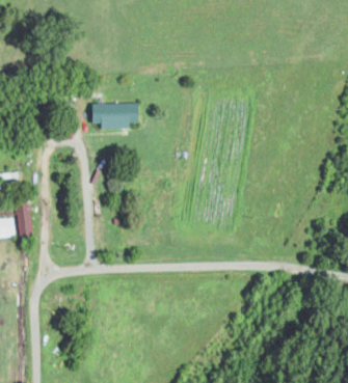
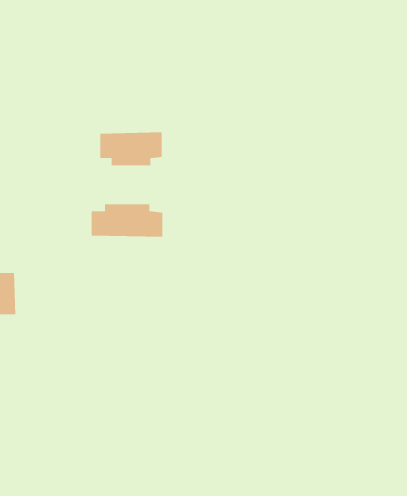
building: none -> [91,204,163,237]

